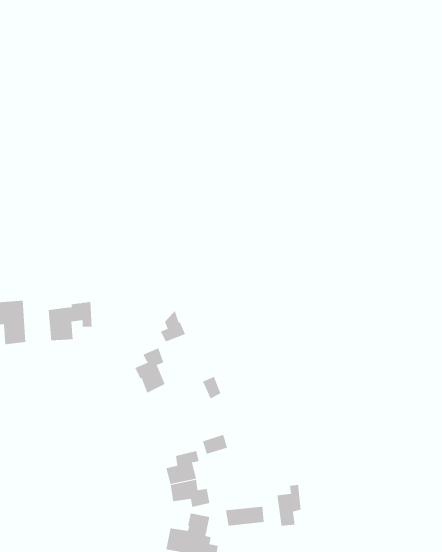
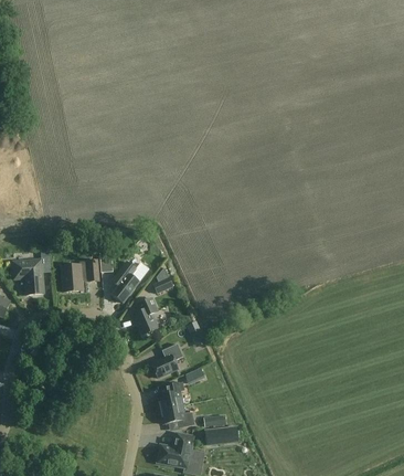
building: none -> [110,261,149,303]
building: none -> [151,342,183,377]
building: [277,484,301,527] -> none

